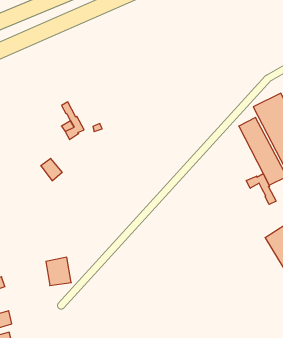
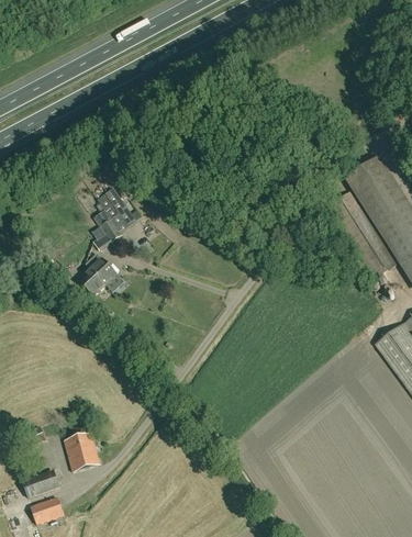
building: none -> [86,251,118,283]
building: [246,174,276,204] -> none
building: [46,257,71,286] -> [65,432,100,470]

